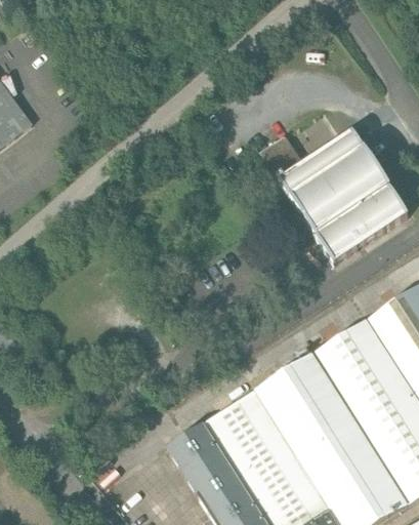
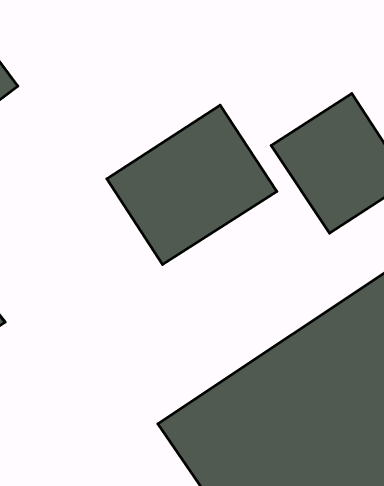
building: none -> [107,105,277,265]

